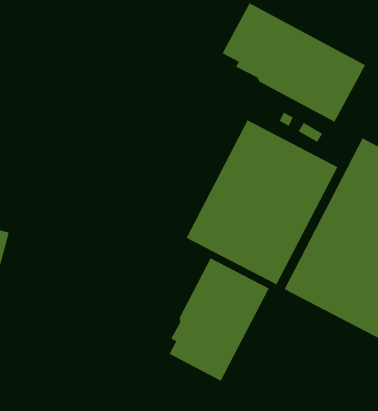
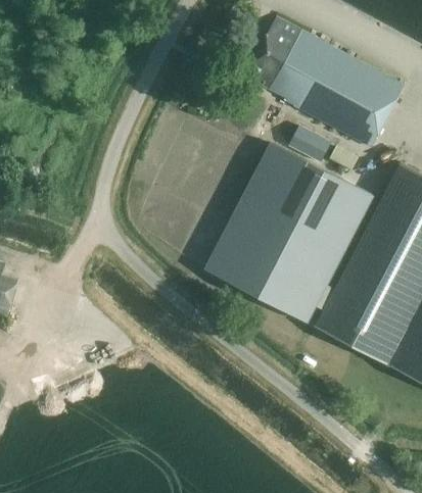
building: [168,257,270,382] -> none

